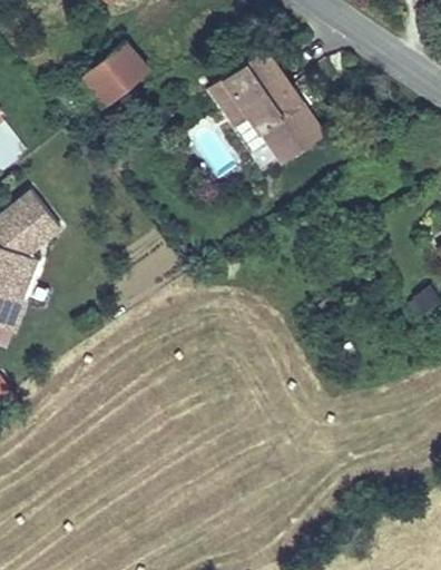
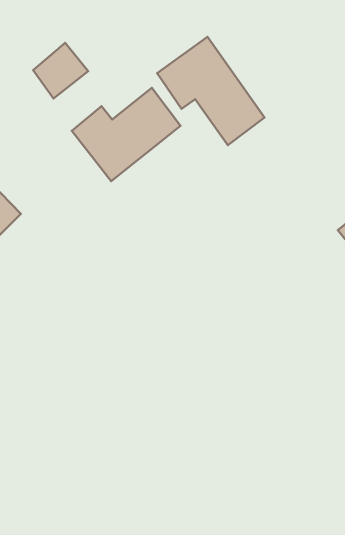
building: none -> [72,88,180,181]

